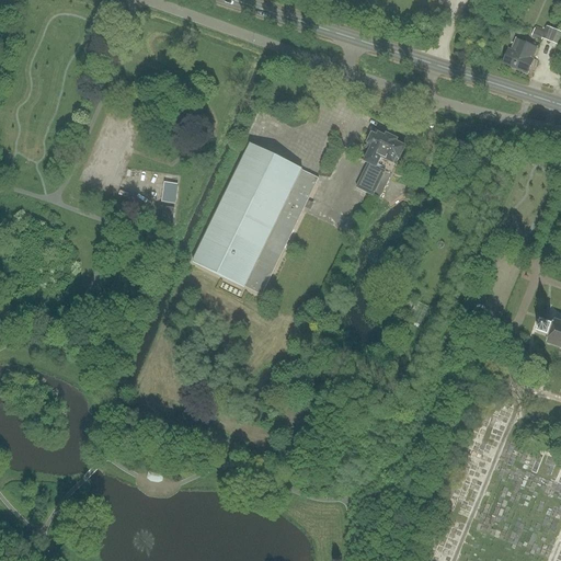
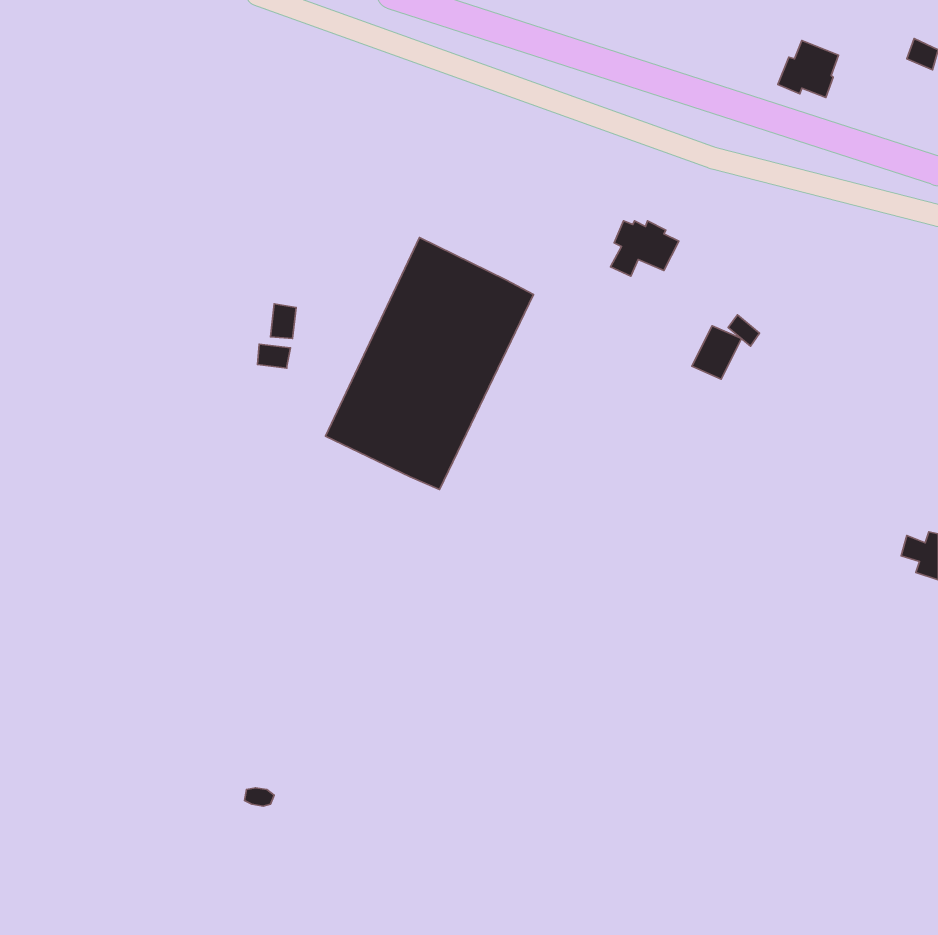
building: [501,35,537,69] -> [778,40,839,98]
building: [356,161,386,193] -> [692,326,741,379]

